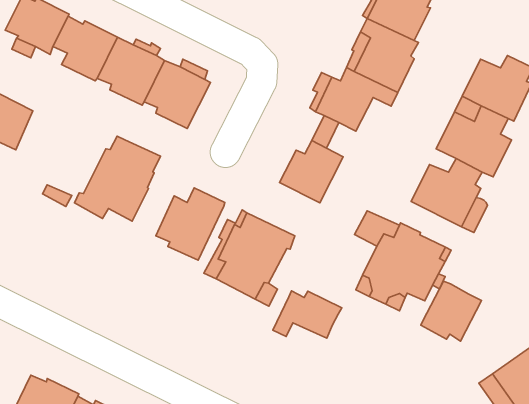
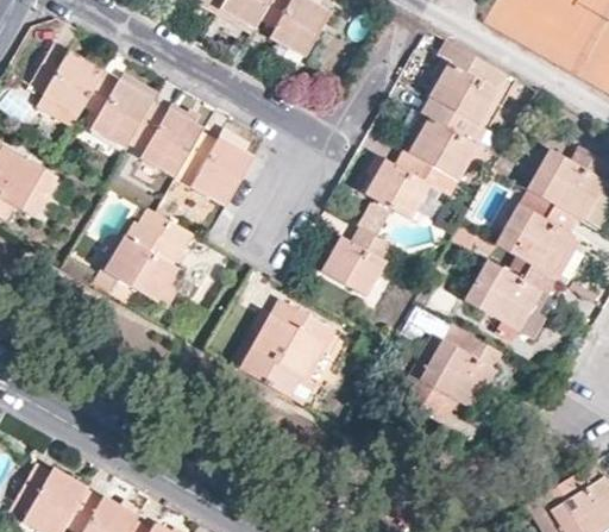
building: [156,188,225,260] -> none
building: [421,281,481,341] -> none
building: [273,291,342,338] -> none

